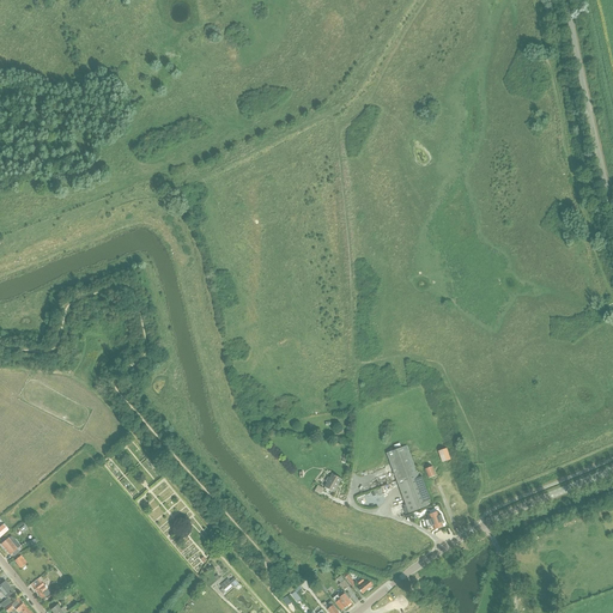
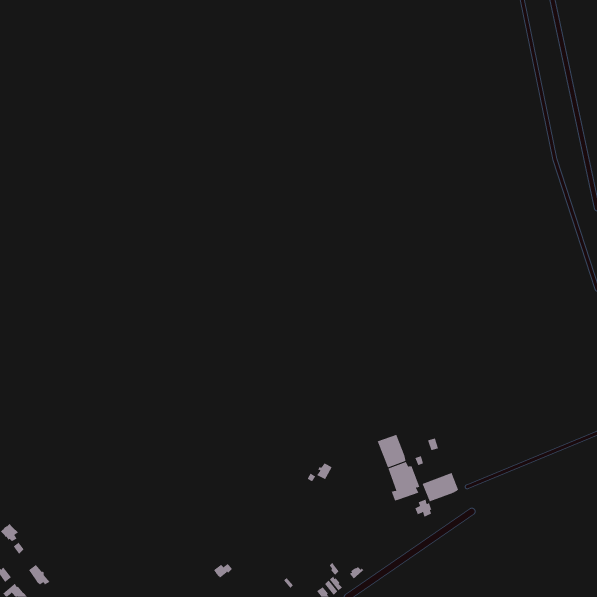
building: none -> [422,472,459,502]

